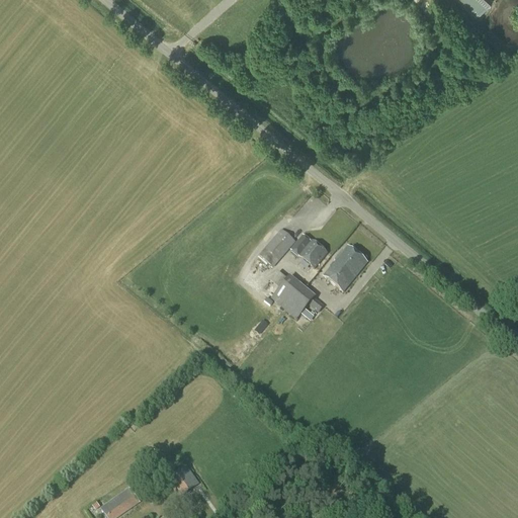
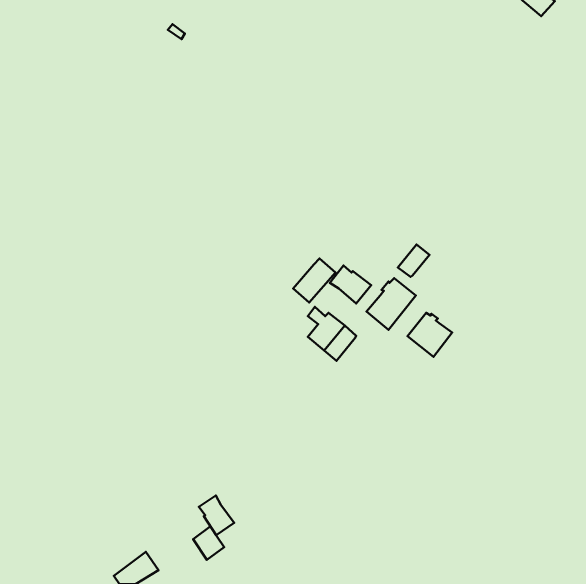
building: none -> [398,244,429,277]
building: none -> [408,313,452,357]
building: none -> [199,495,234,535]

